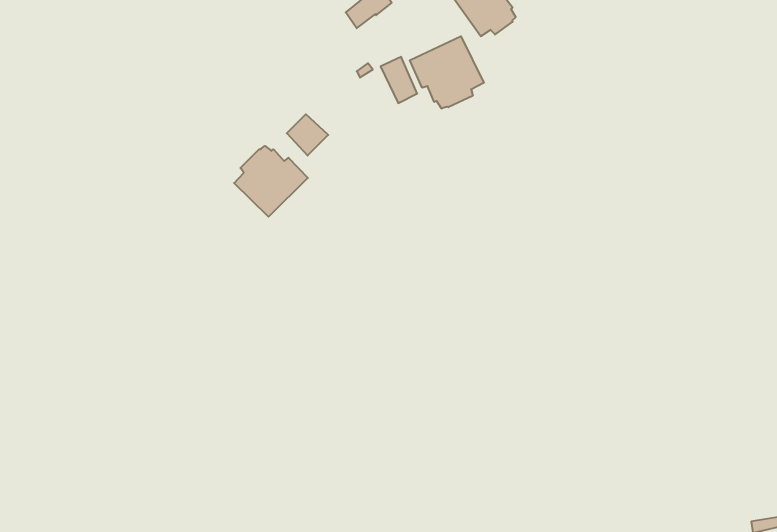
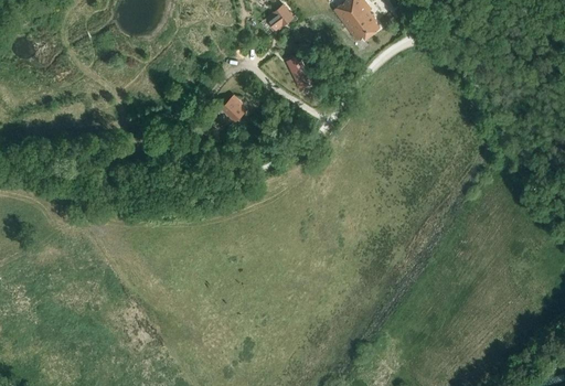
building: [410,36,484,109] -> none
building: [234,146,308,217] -> none

